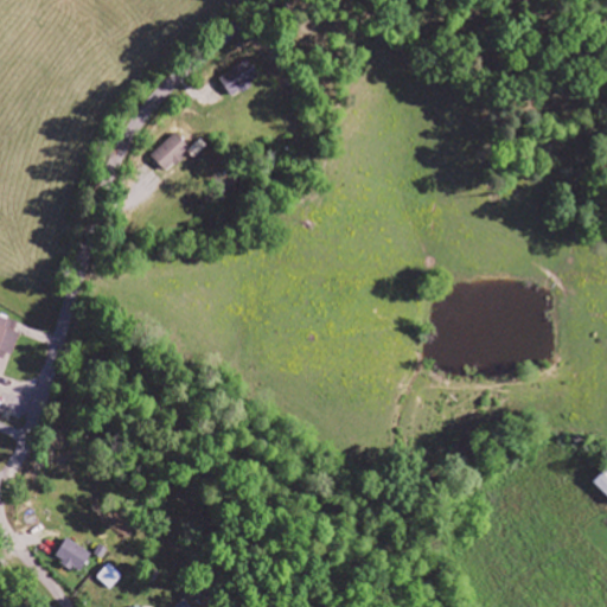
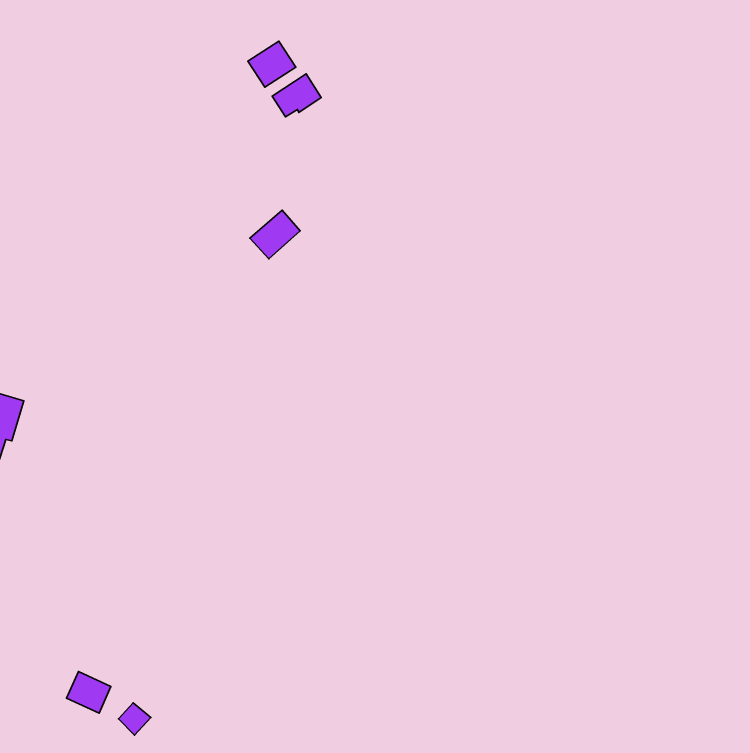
building: none -> [248,41,296,87]
building: [148,132,189,171] -> [250,210,300,259]

